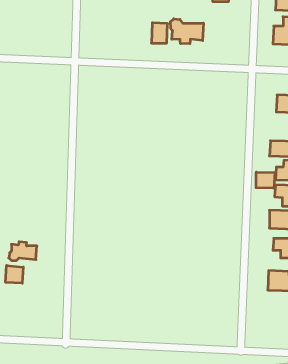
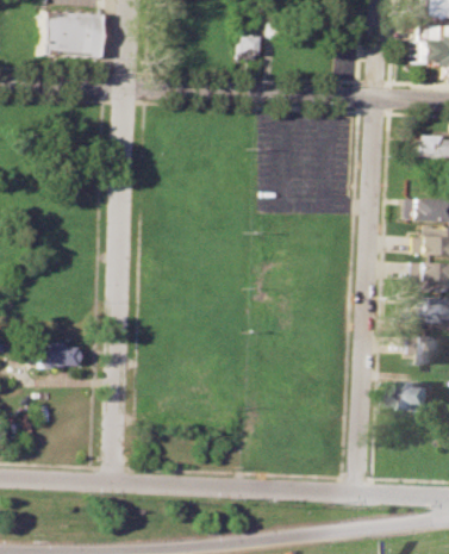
building: none -> [50,12,110,57]
building: [170,19,203,44] -> none
building: [256,172,275,188] -> none
building: [6,265,23,283] -> none

